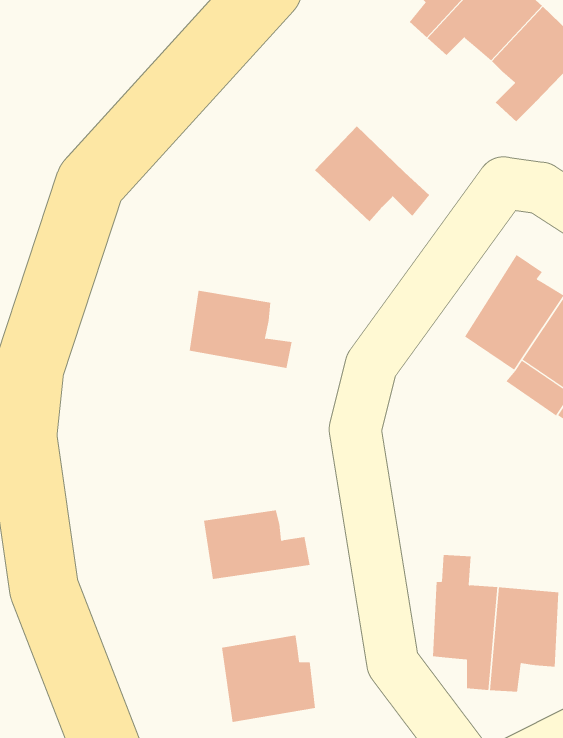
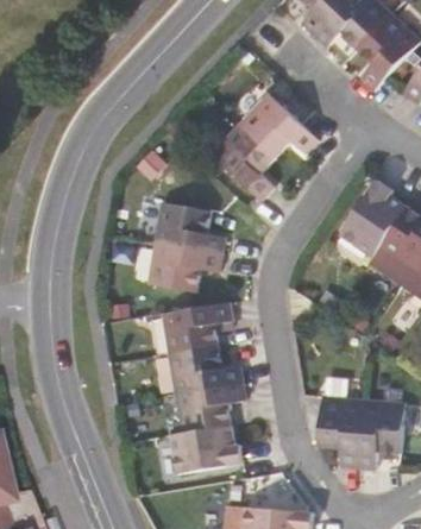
building: none -> [210,122,278,200]
building: none -> [150,243,224,294]
building: none -> [161,303,231,355]
building: none -> [174,385,241,440]

